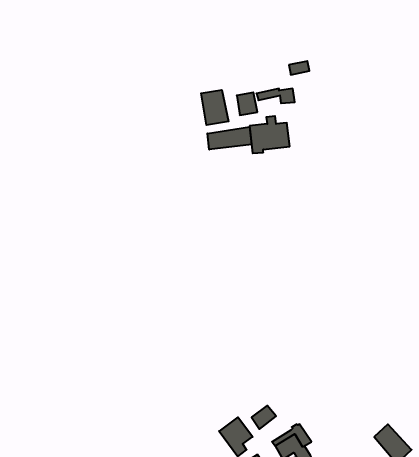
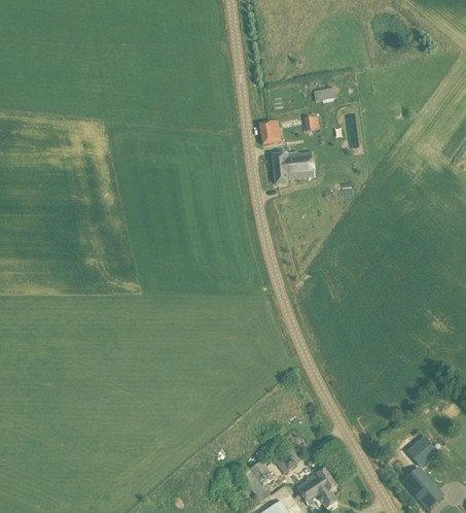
building: [201,90,229,125] -> none
building: [207,127,252,150] -> none
building: none -> [402,434,434,465]

